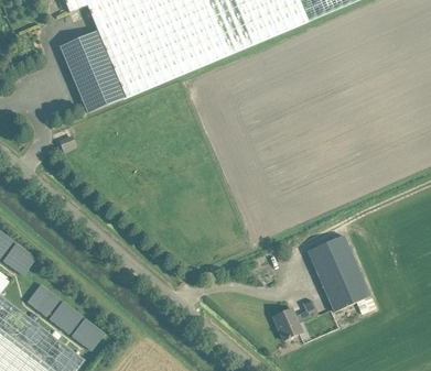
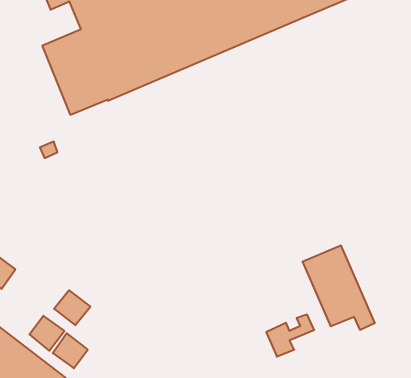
building: [25,283,60,316] -> [54,290,90,325]

